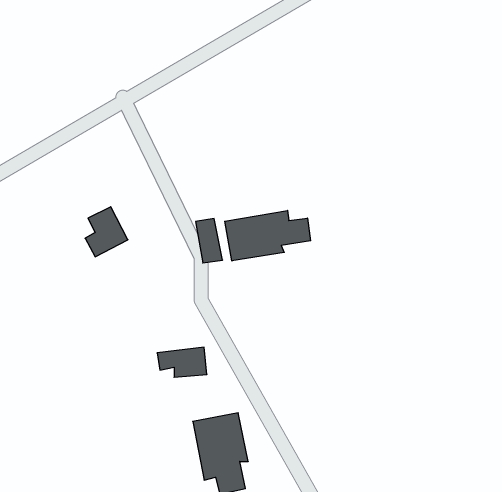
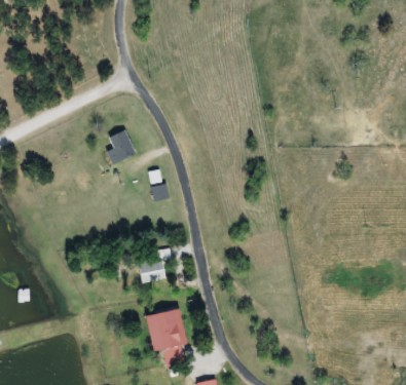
building: [85,207,128,257] -> [107,128,138,164]
building: [225,210,311,261] -> none

